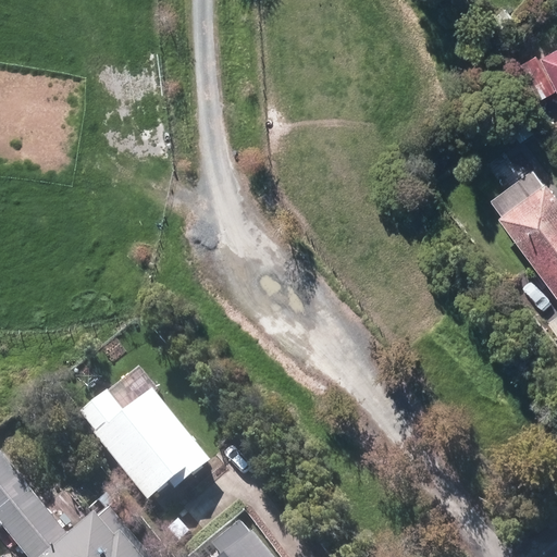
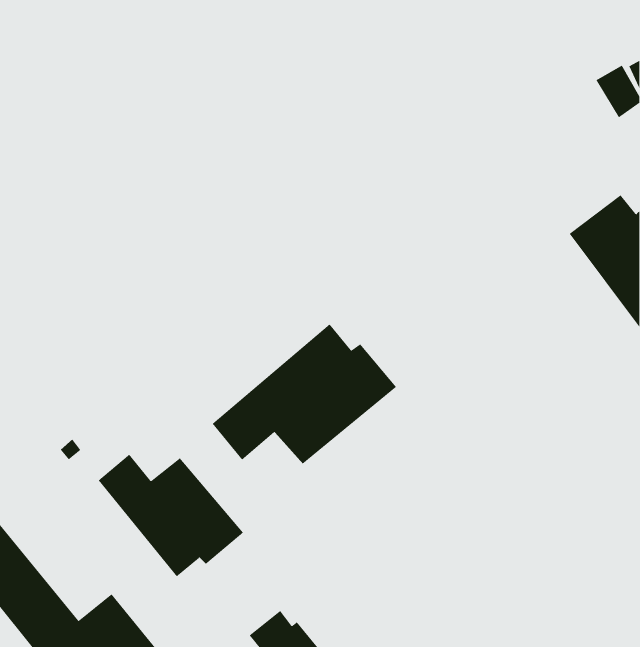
building: none -> [212,324,397,465]

